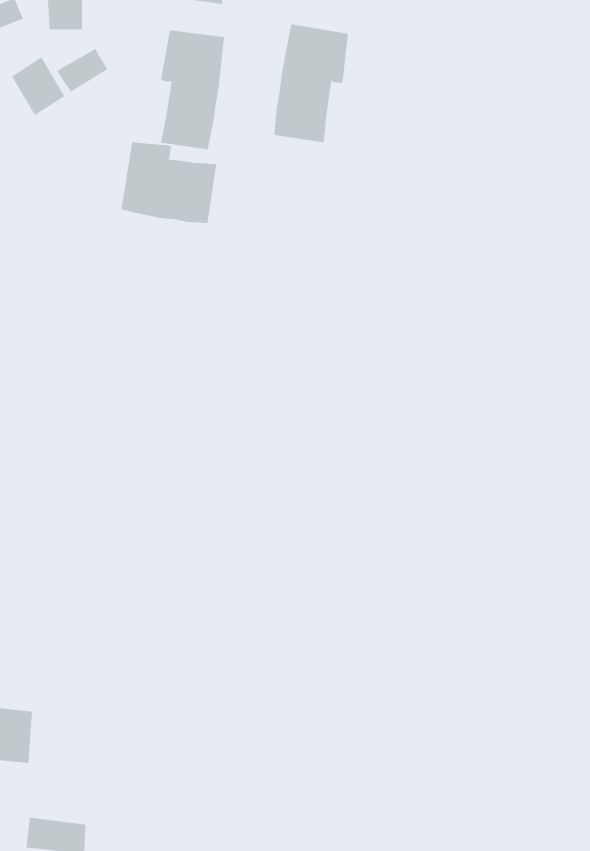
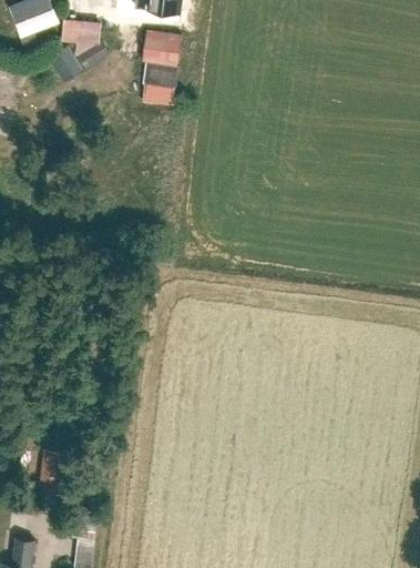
building: [274,23,349,143] -> none
building: [121,141,217,224] -> none

